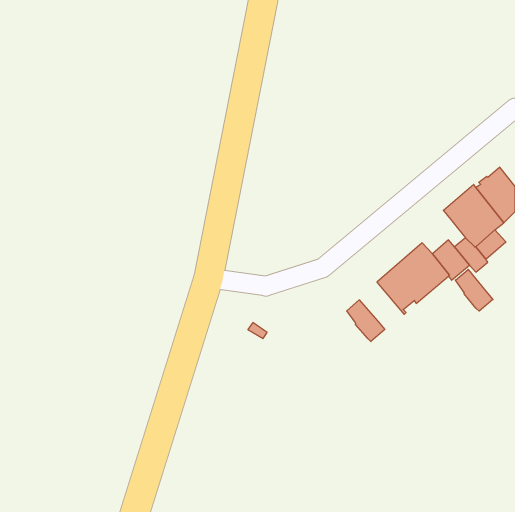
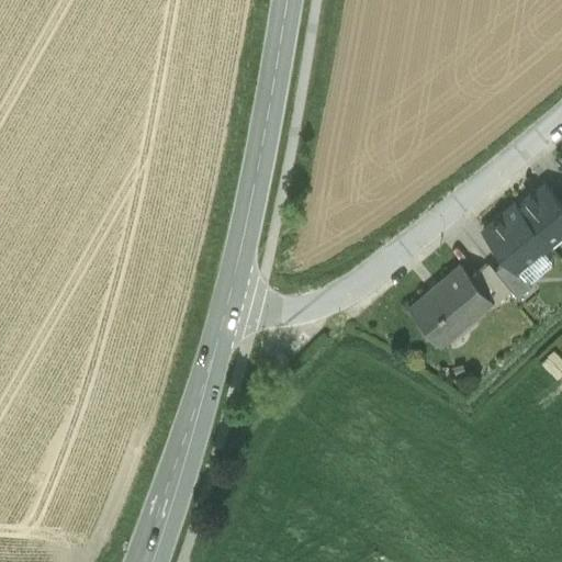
building: [455,269,493,311] -> none
building: [347,300,385,342] -> none

